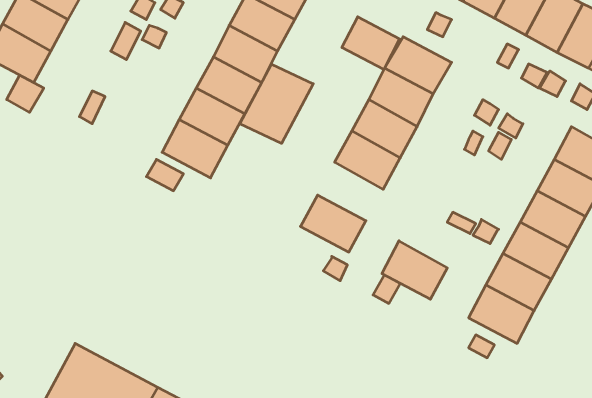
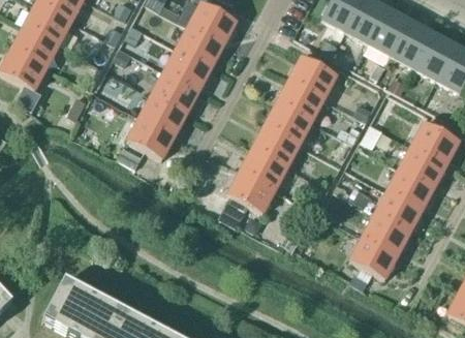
building: [342,17,400,70] -> none
building: [240,64,313,143] -> none
building: [382,241,447,299] -> [240,147,287,189]

